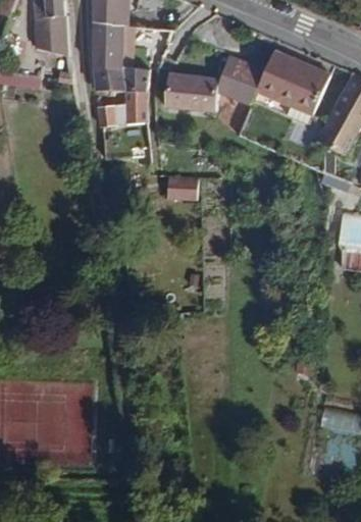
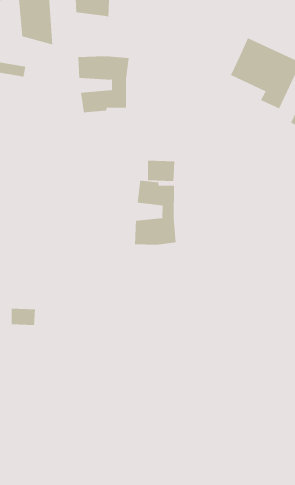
building: [92,21,123,68] -> none
building: [165,56,264,111] -> none
building: none -> [135,180,176,245]

